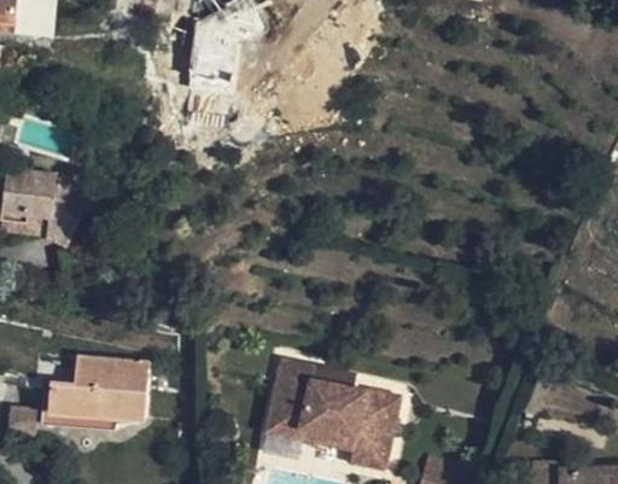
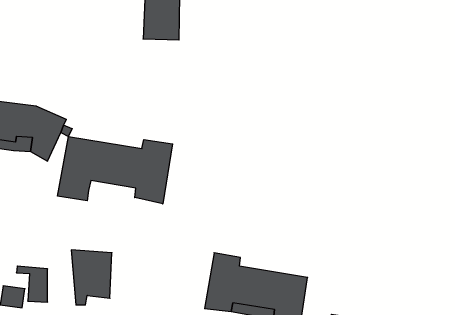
building: none -> [58,136,173,204]
building: [68,357,104,428] -> none

